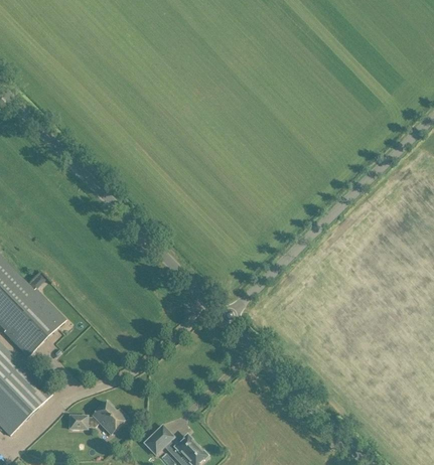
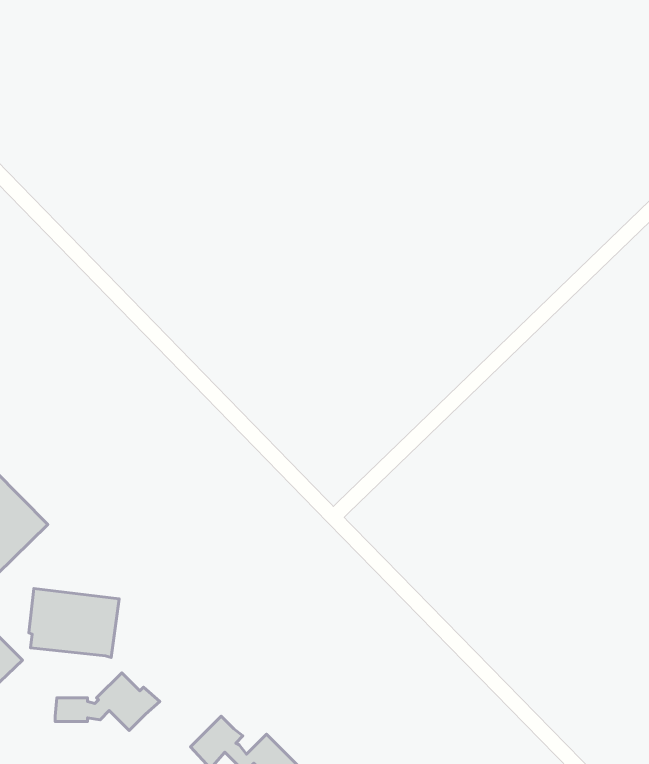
building: none -> [29,589,119,658]

